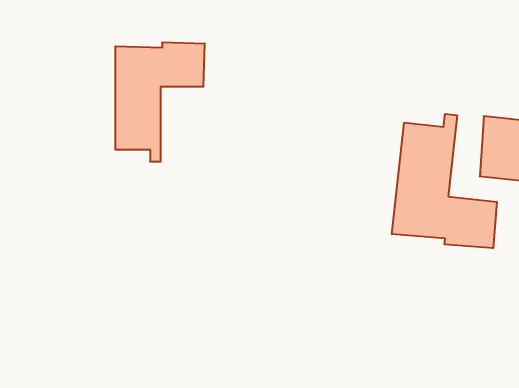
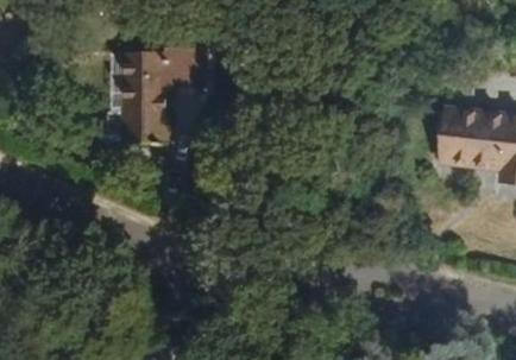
building: [392,114,497,248] -> none

